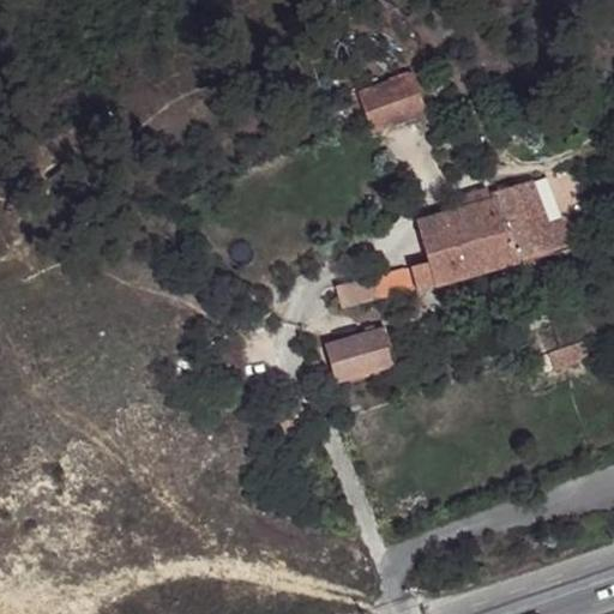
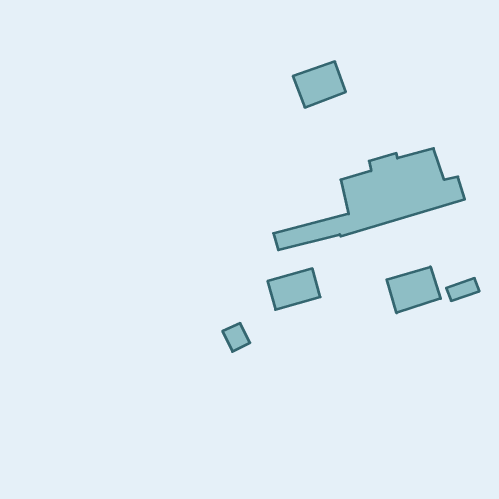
building: none -> [387,267,441,313]

